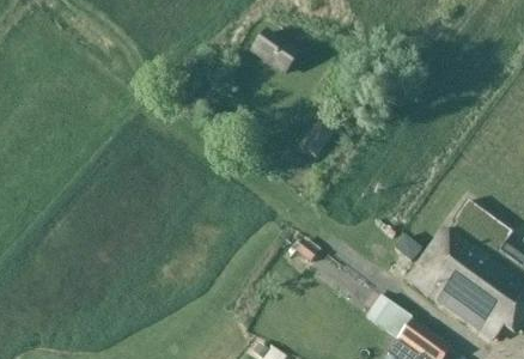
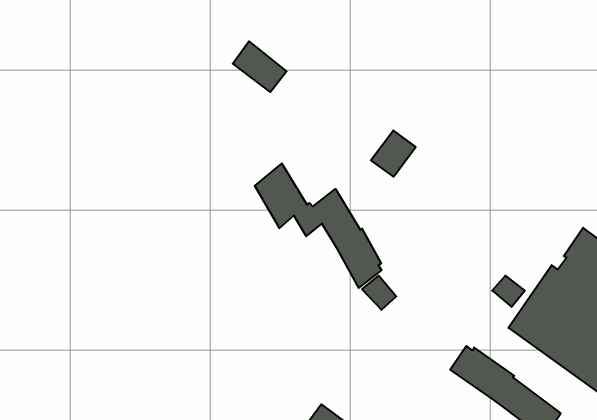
building: [255,31,298,72] -> [233,41,287,92]
building: none -> [255,163,382,288]

